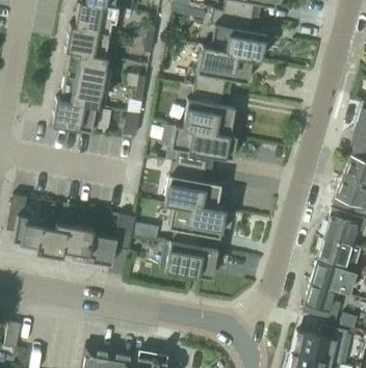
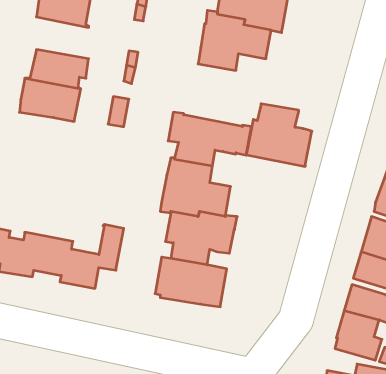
building: [64,48,110,81] -> none
building: [183,85,235,135] -> [247,104,312,166]

